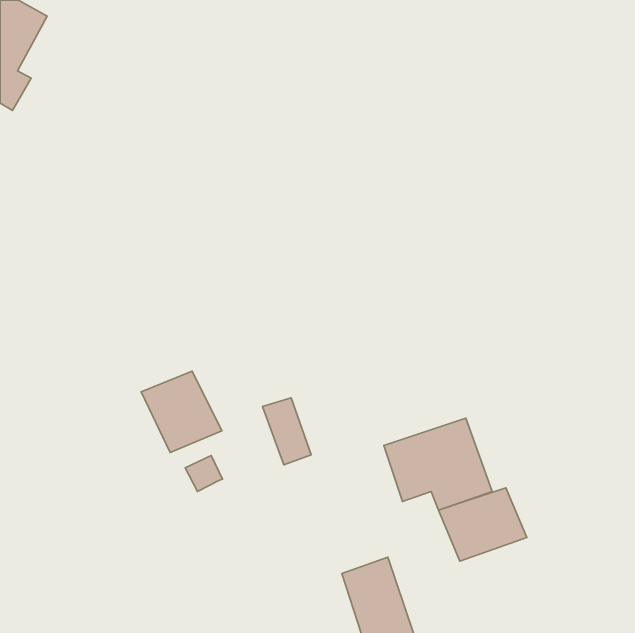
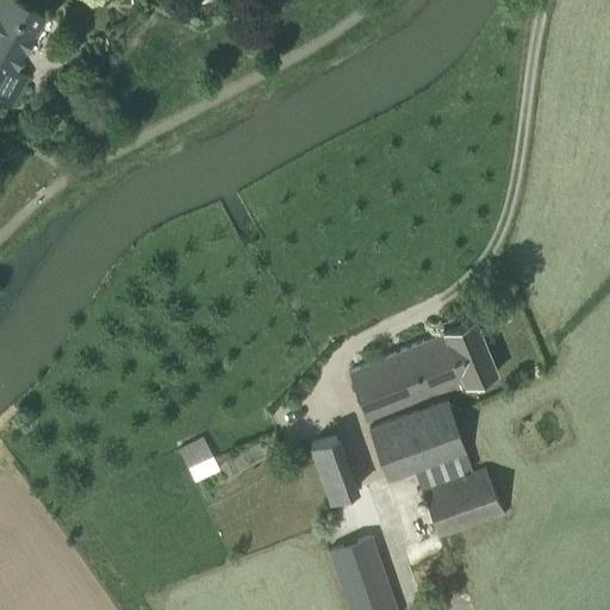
building: none -> [348,319,498,422]
building: [141,371,222,452] -> none
building: [263,398,311,465] -> [309,437,355,502]

